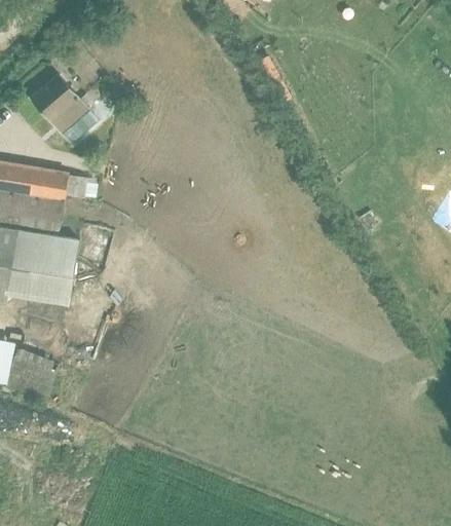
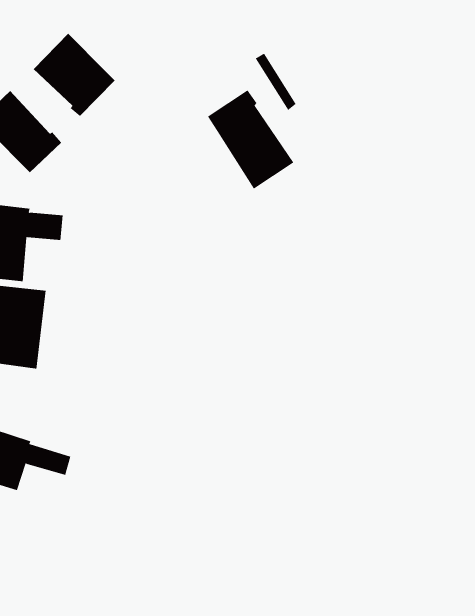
building: none -> [33,33,115,117]
building: none -> [207,89,294,190]

